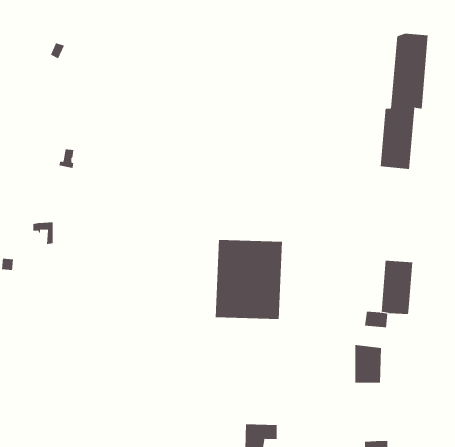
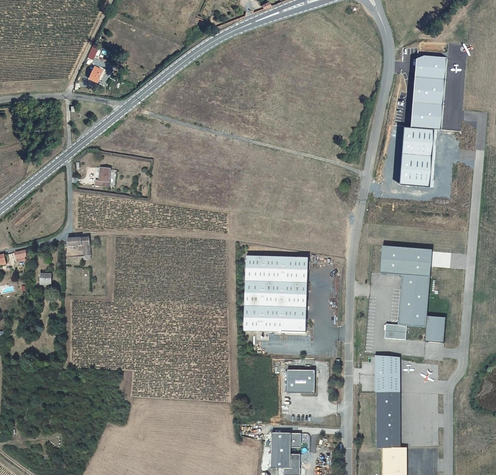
building: none -> [382,247,433,276]
building: none -> [426,316,446,343]
building: none -> [286,370,314,392]
building: none -> [375,392,401,447]

